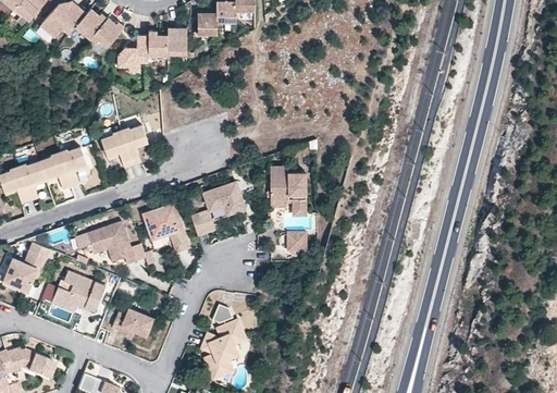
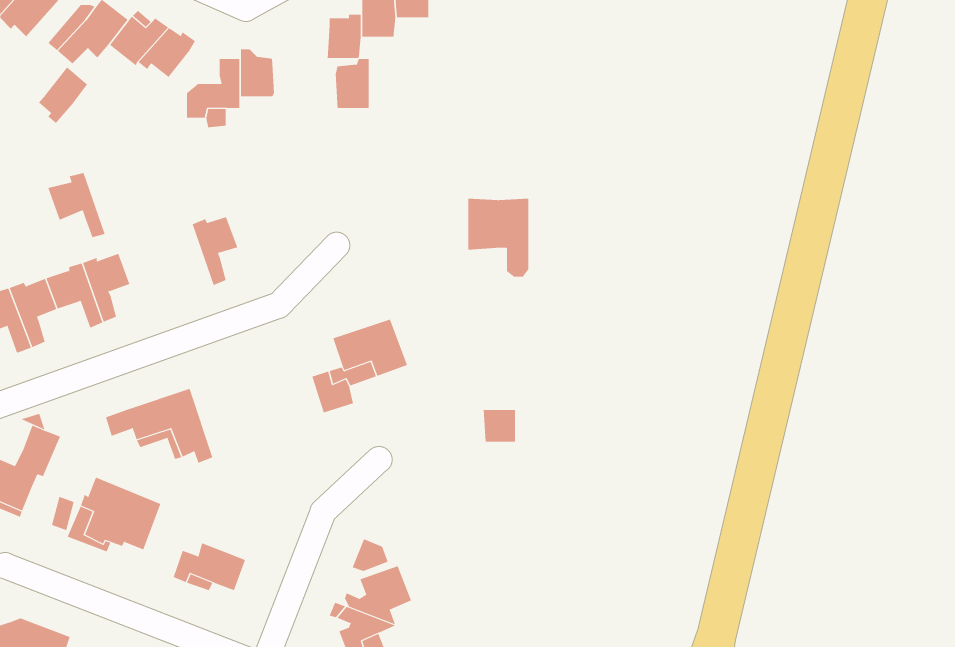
building: [169,26,188,54] -> [335,58,370,109]
building: none -> [38,66,88,124]
building: [102,128,135,165] -> [48,172,105,238]
building: [270,171,305,216] -> [467,198,529,277]
building: [143,202,189,253] -> none

